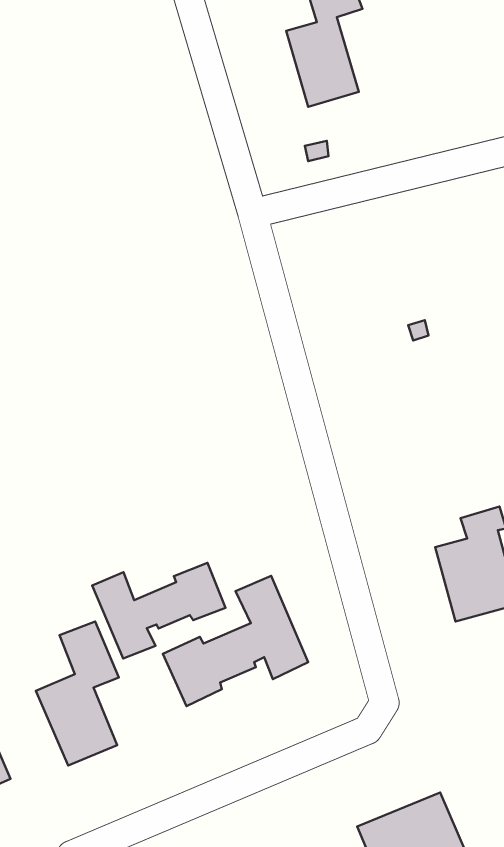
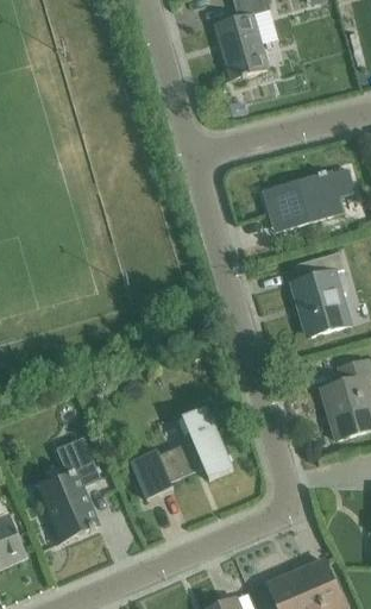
building: none -> [265,169,352,224]
building: none -> [291,251,351,335]
building: [92,563,225,658] -> none

